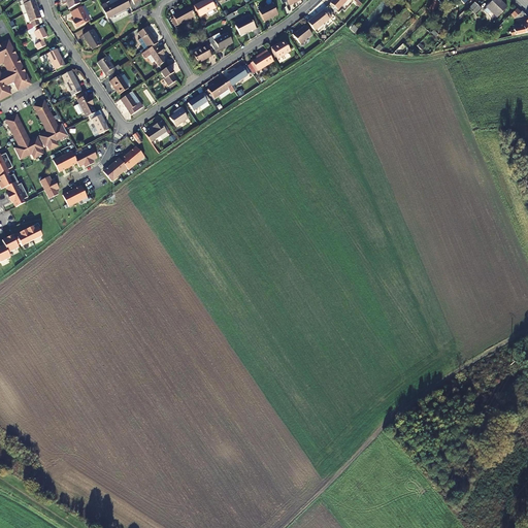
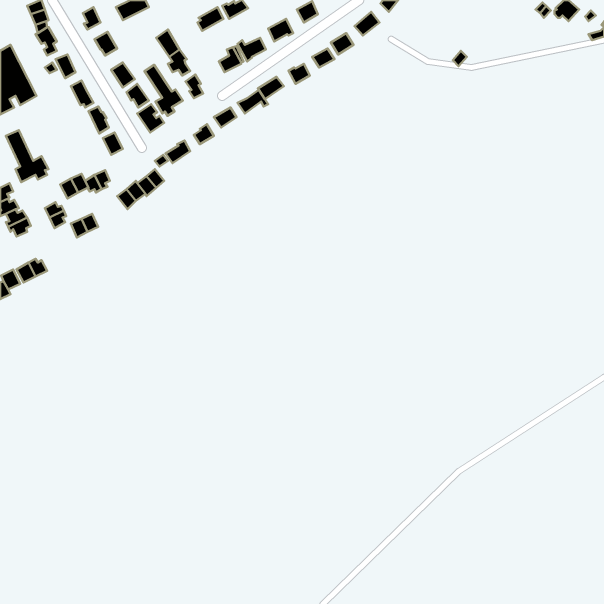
building: none -> [145,65,183,116]
building: [33,100,67,150] -> none

